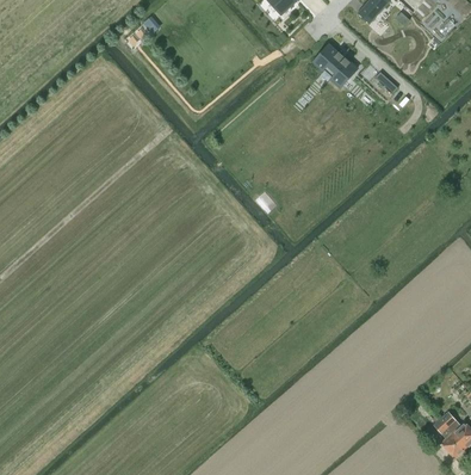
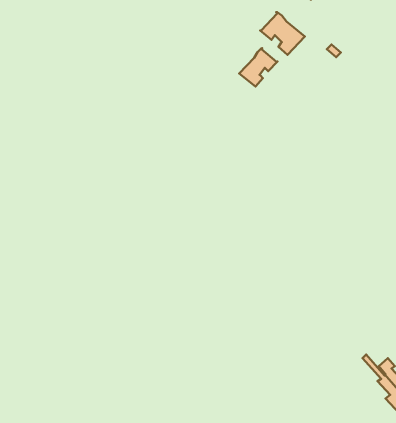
building: none -> [239,48,278,87]

